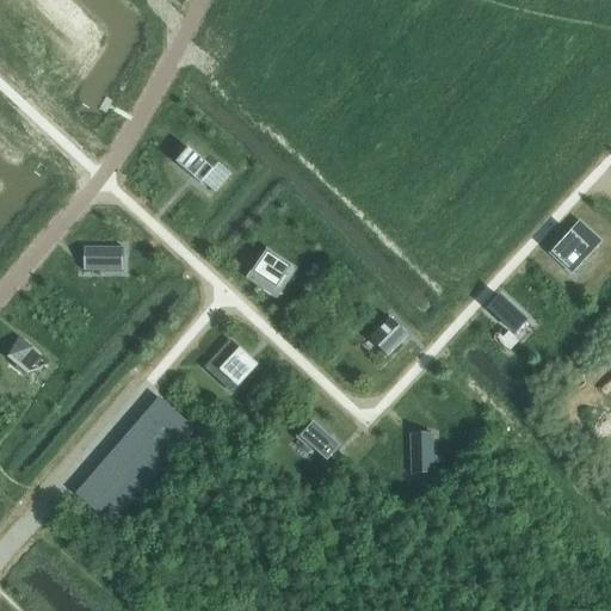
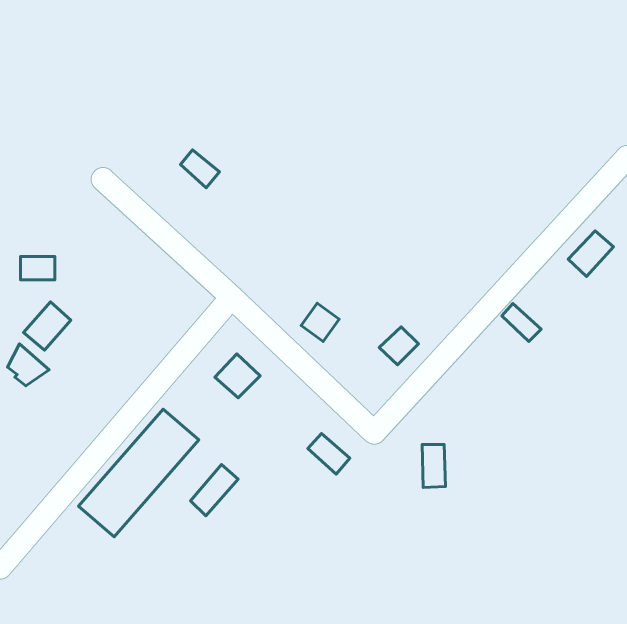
building: [90,246,123,269] -> [20,256,55,280]
building: [253,252,290,289] -> [301,303,339,341]
building: none -> [24,302,71,350]
building: none -> [191,465,238,516]

